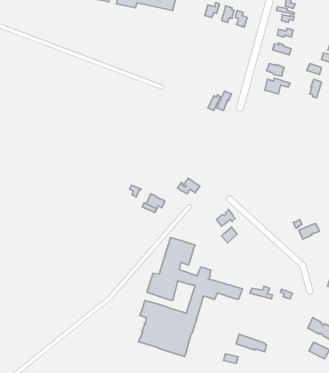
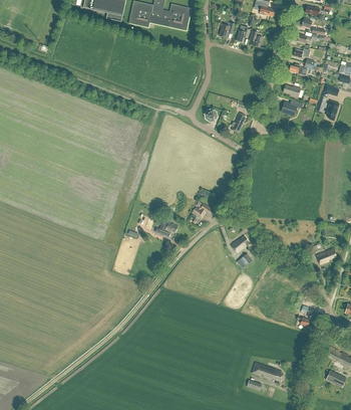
building: [139,238,243,356] -> none

